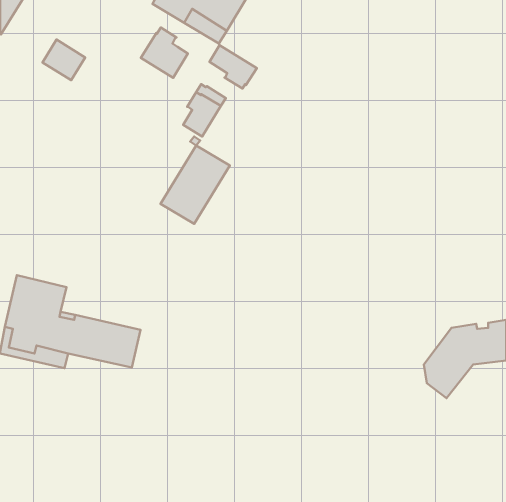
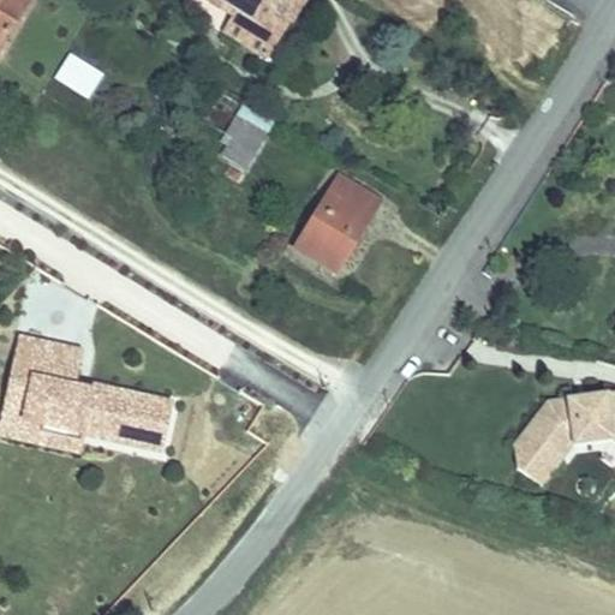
building: [141,28,188,78] -> none
building: [209,45,257,89] -> none
building: [160,146,230,224] -> [295,173,380,268]

